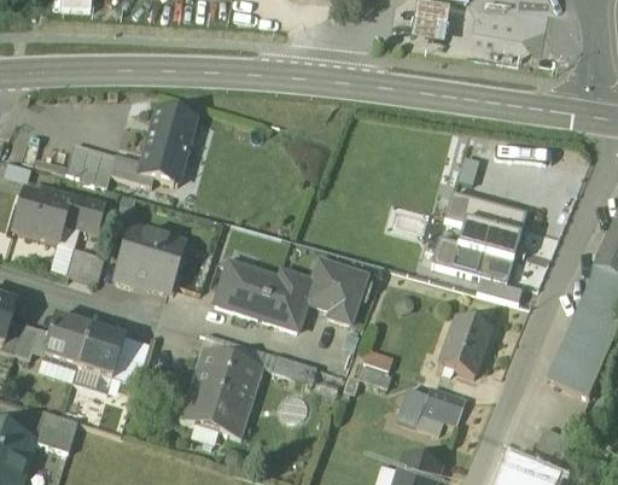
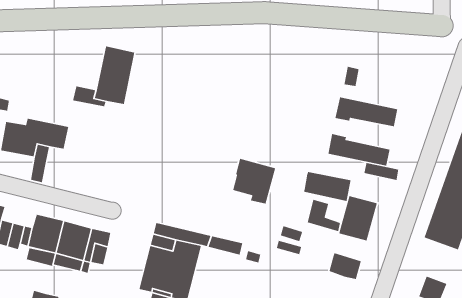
building: [66,141,117,186] -> none
building: [457,218,520,261] -> [303,171,351,202]
building: [118,227,183,288] -> none
building: [66,247,101,282] -> none
building: [215,261,314,329] -> none
building: [400,387,443,432] -> [307,199,341,232]

